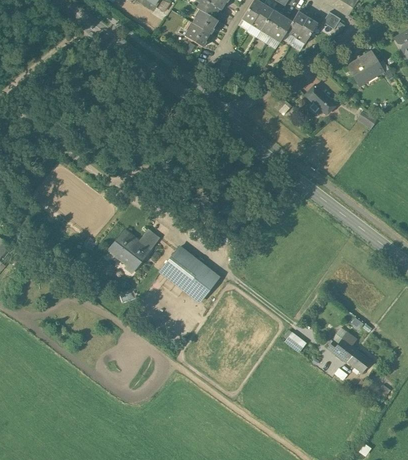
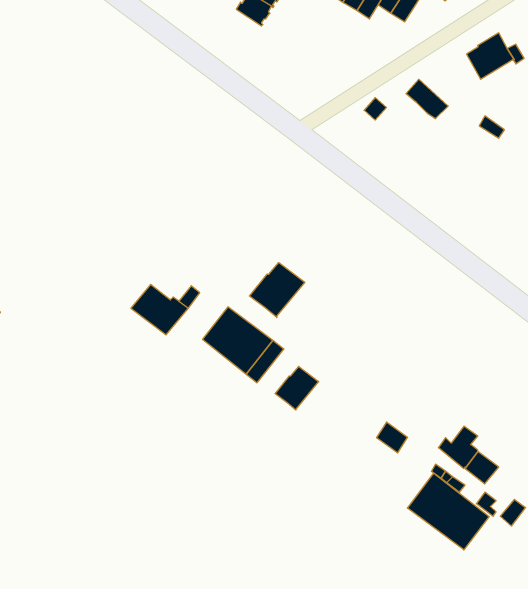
building: none -> [249,263,305,318]
building: none -> [275,366,319,410]
building: none -> [407,473,489,550]

